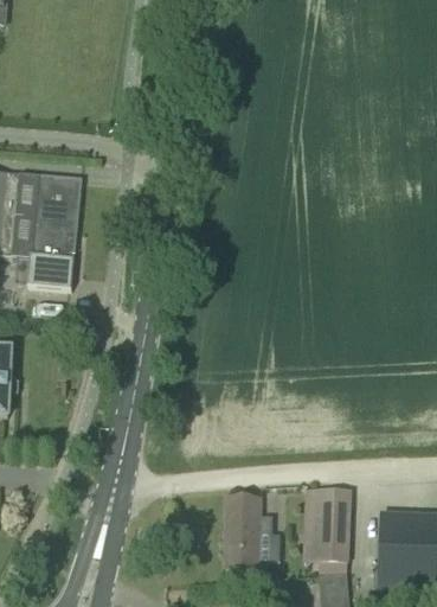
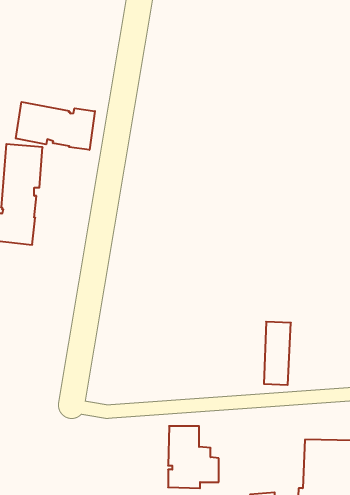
building: none -> [16,102,95,150]
building: [319,486,349,558] -> [264,322,291,385]

